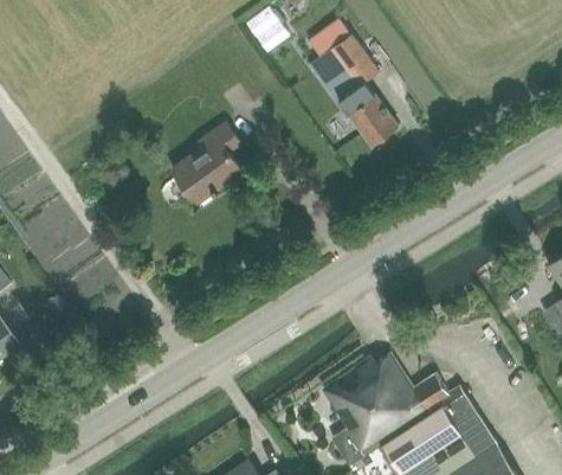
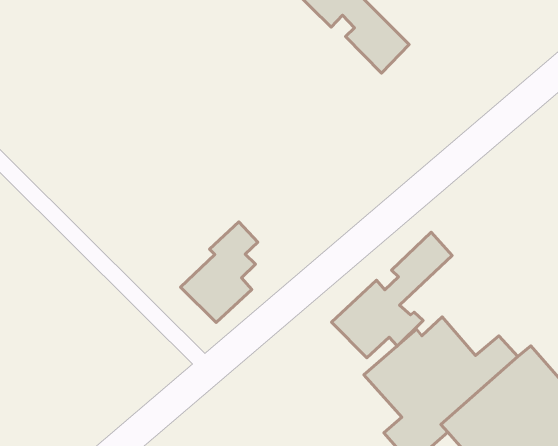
building: [169,123,238,203] -> [180,222,258,322]
building: none -> [332,232,452,358]

